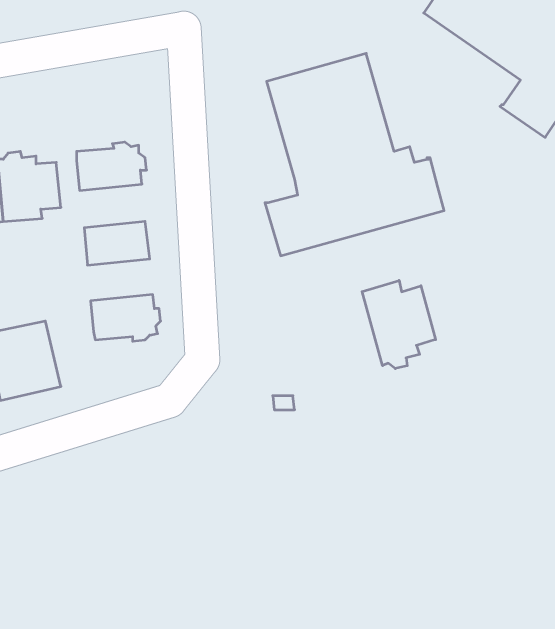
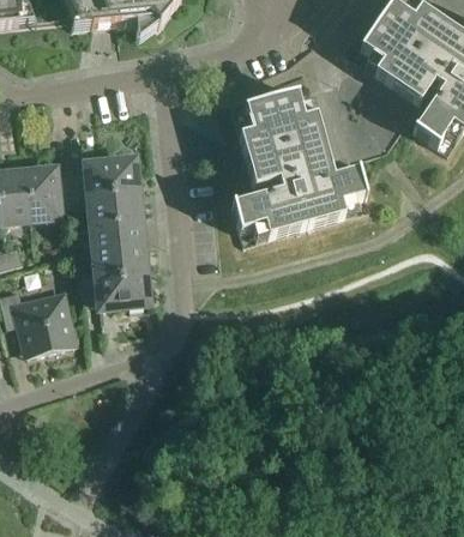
building: none -> [71,169,143,221]
building: none -> [80,245,149,302]
building: [362,280,436,369] -> none

